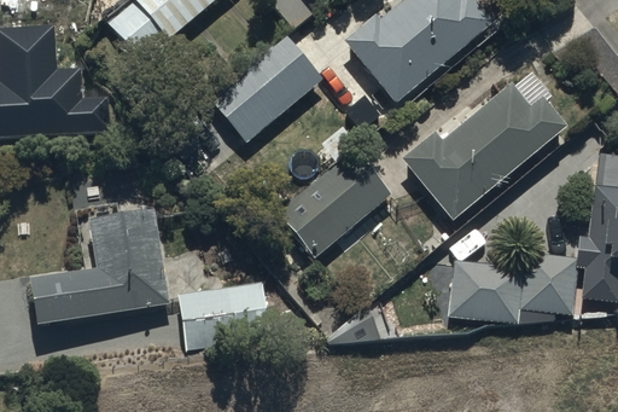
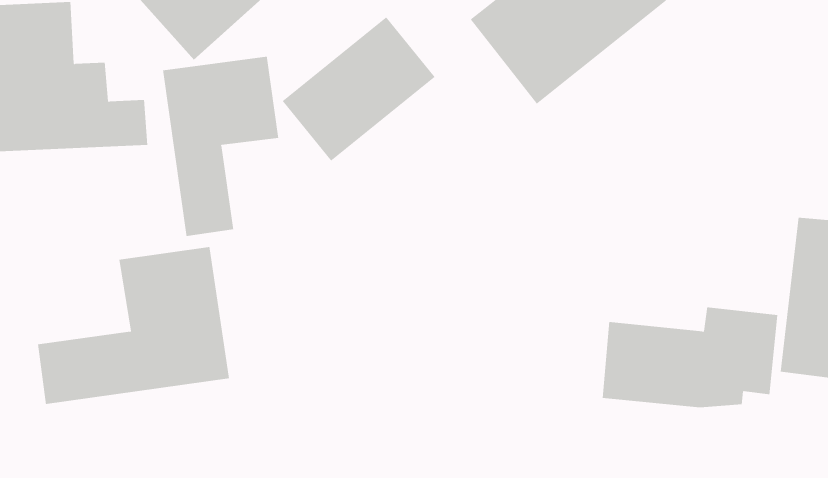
building: none -> [162,56,279,237]
building: [402,70,567,220] -> none
building: [280,152,391,256] -> none
building: [177,283,270,352] -> none

